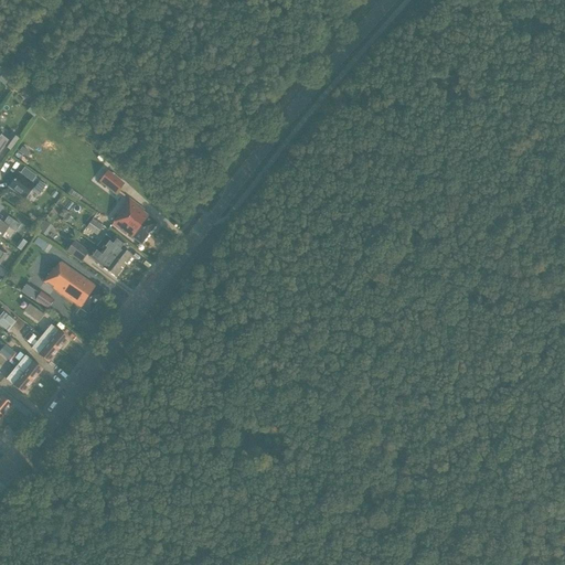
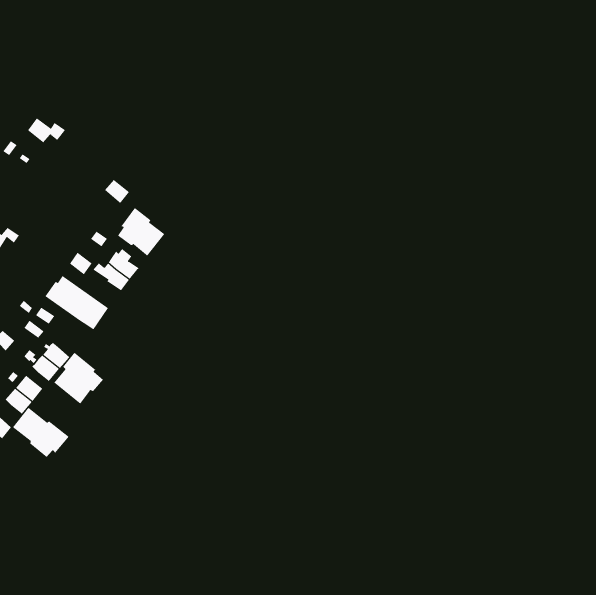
building: [8,171,44,195] -> [27,117,66,143]
building: none -> [53,352,104,404]
building: none -> [12,407,69,458]

